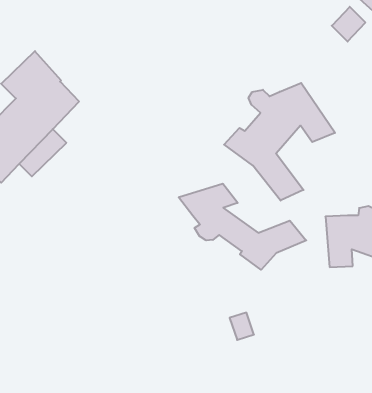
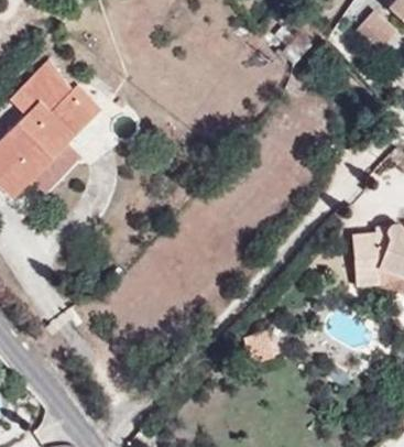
building: [224,83,335,201] -> none
building: [179,184,306,270] -> none

